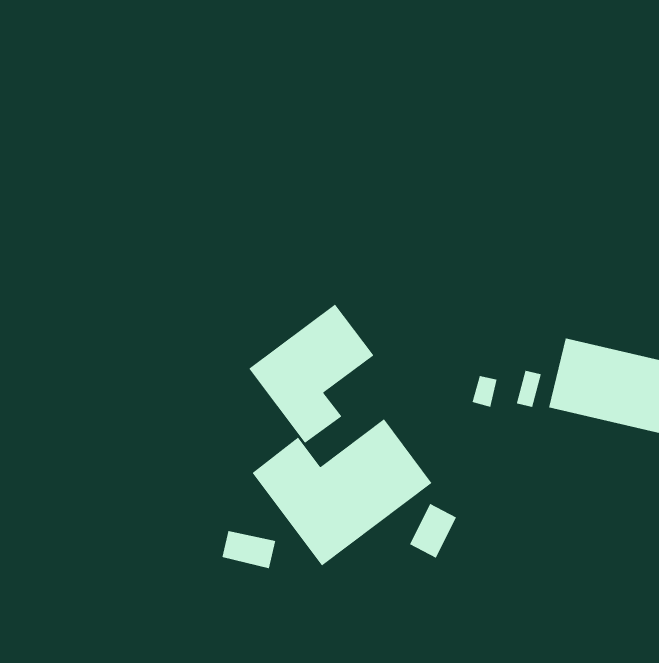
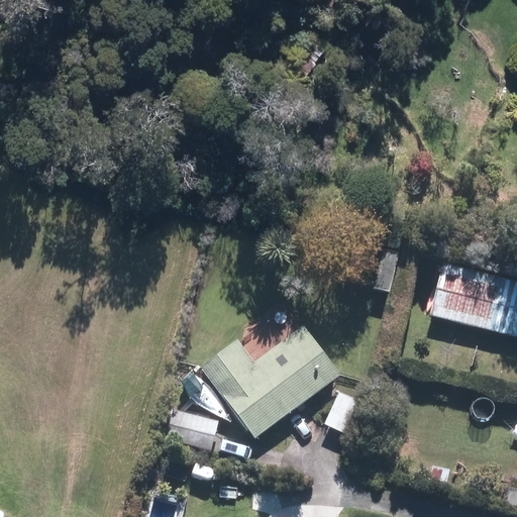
building: [248,304,374,444] -> none

